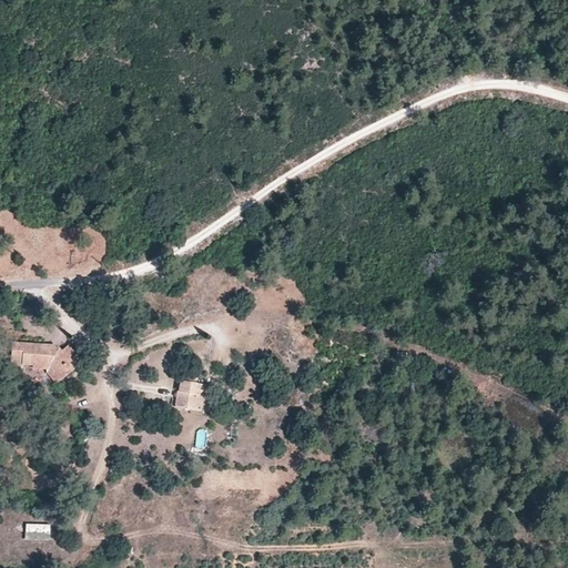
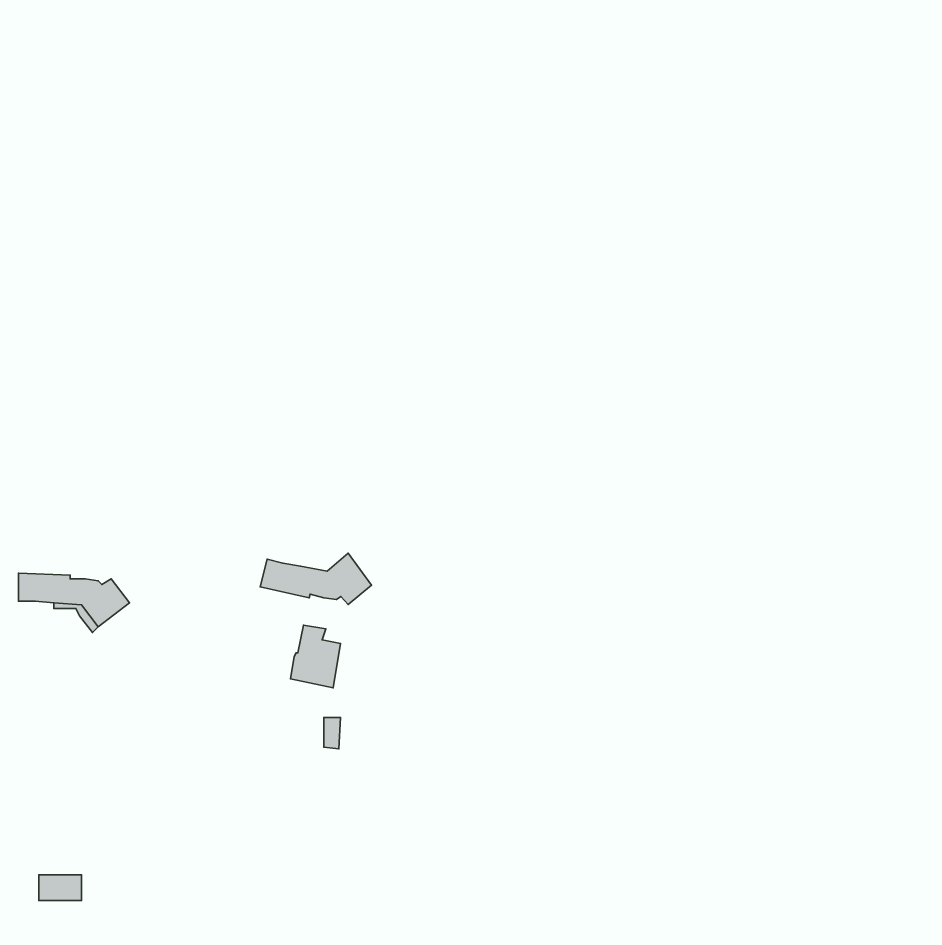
building: none -> [260,553,372,604]

